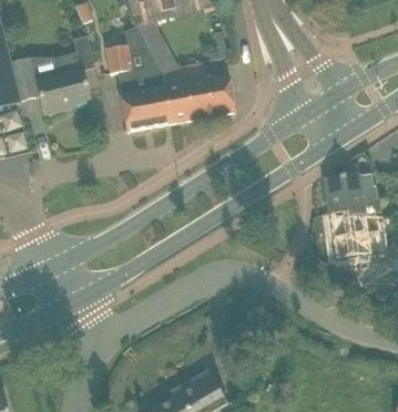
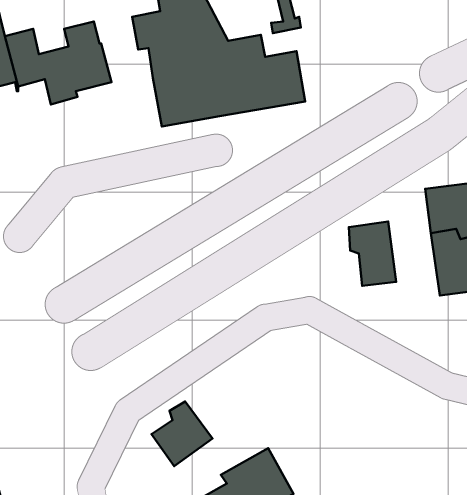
building: none -> [349,221,396,286]
building: none -> [152,402,212,466]

